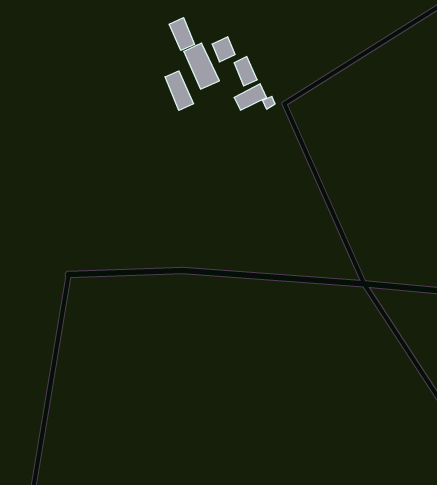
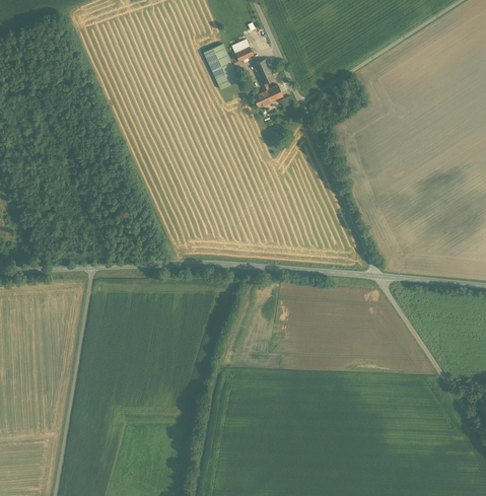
building: [169,18,194,50] -> none
building: [165,71,194,110] -> none

